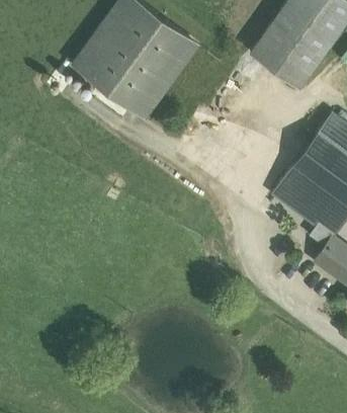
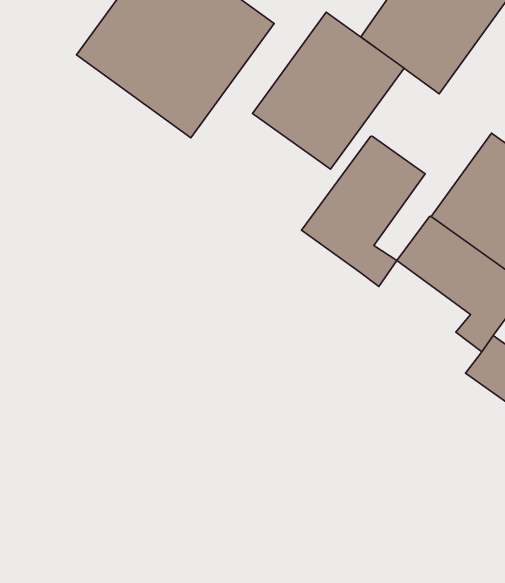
building: none -> [253,12,404,169]
building: none -> [301,136,425,286]

